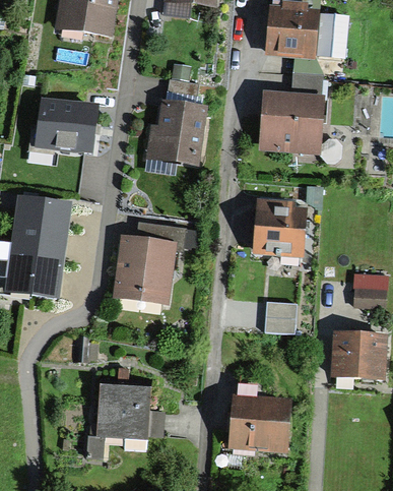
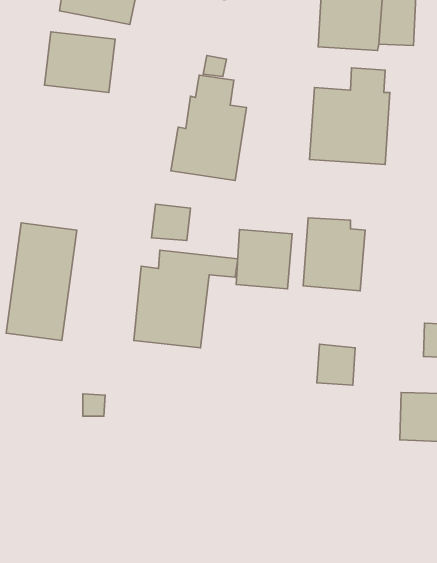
building: [38,102,95,151] -> [45,32,115,92]
building: none -> [152,204,190,241]
building: none -> [236,229,292,289]
building: [85,386,159,456] -> none
building: [227,402,283,455] -> none

